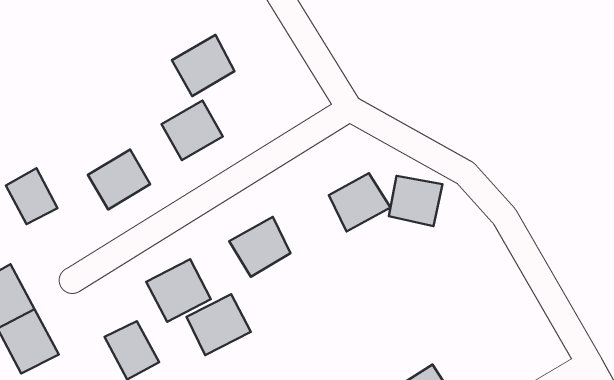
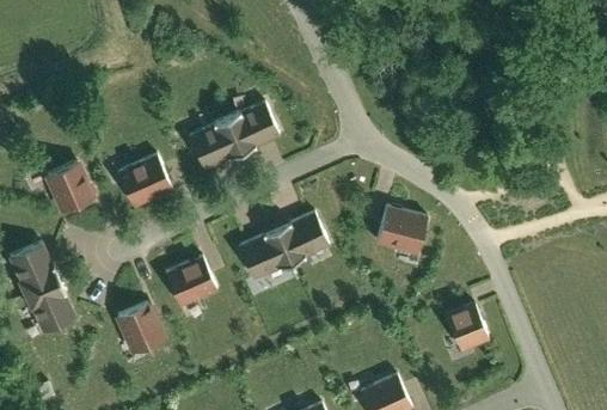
building: [172,35,234,96] -> [226,100,280,152]
building: [329,173,390,232] -> [276,212,329,261]
building: none -> [447,304,493,348]
building: [186,294,251,355] -> none

